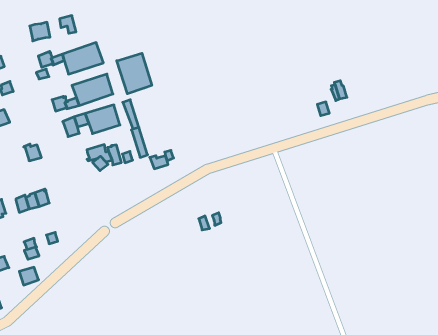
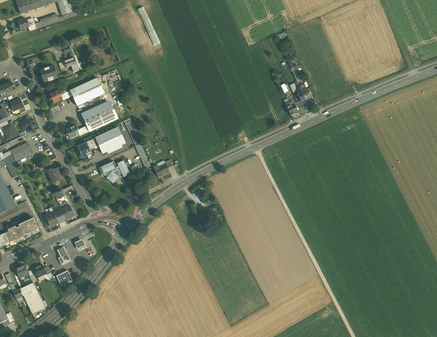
building: [117,53,152,94] -> none

